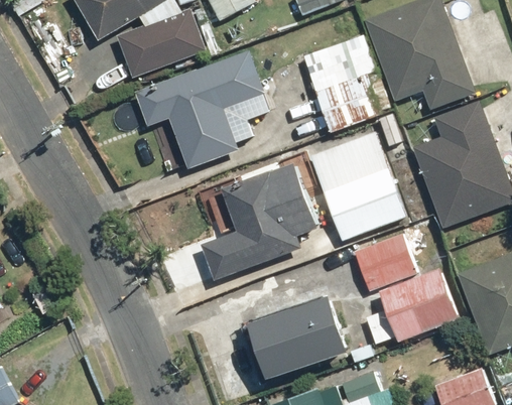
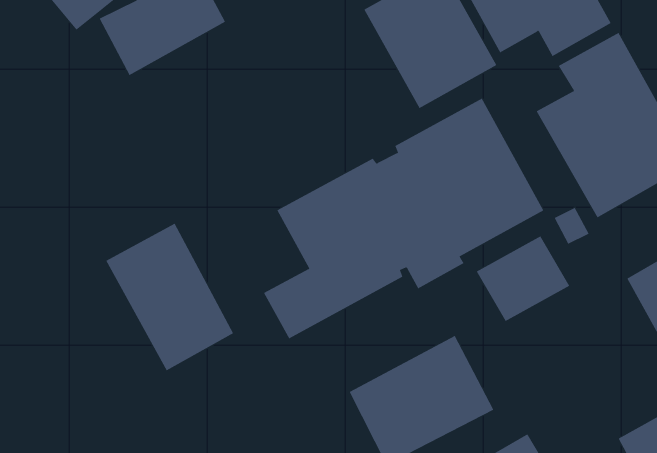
building: [134,61,247,168] -> none
building: none -> [106,223,234,371]
building: [379,267,460,342] -> none

